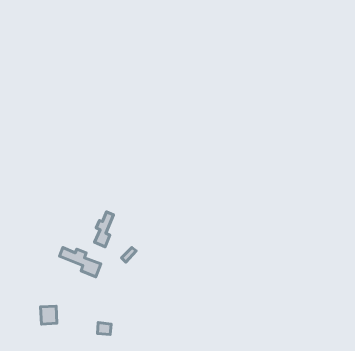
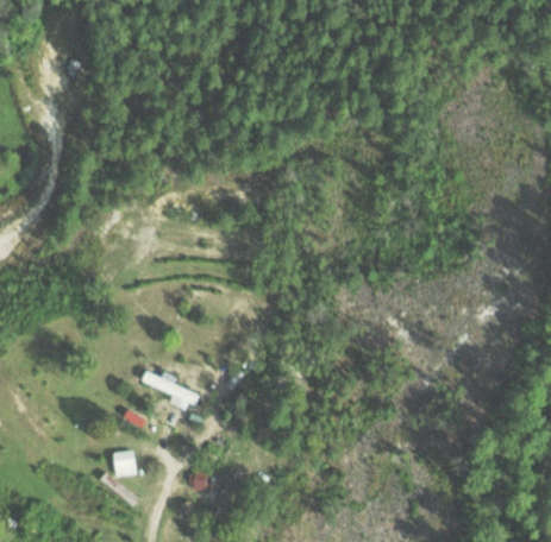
building: [94,212,114,247] -> none

